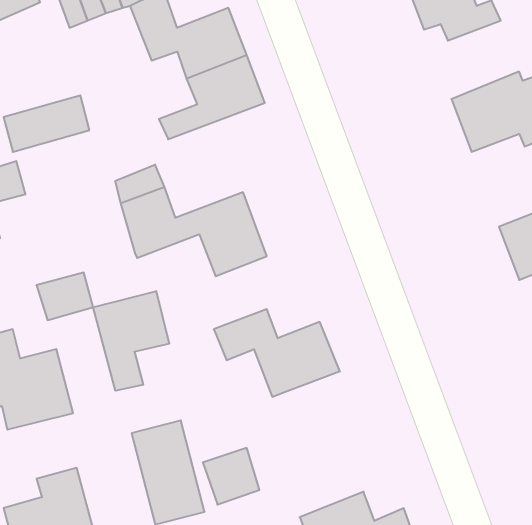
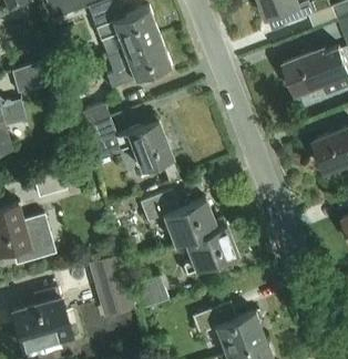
building: [93,291,169,391] -> none
building: none -> [183,224,237,274]

